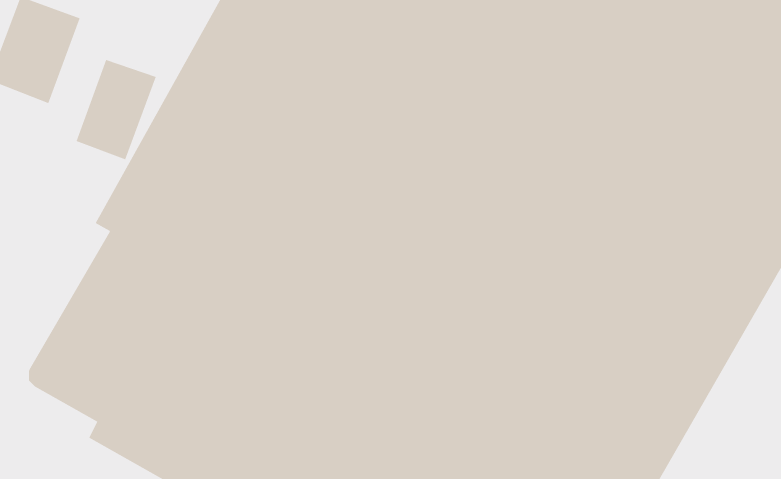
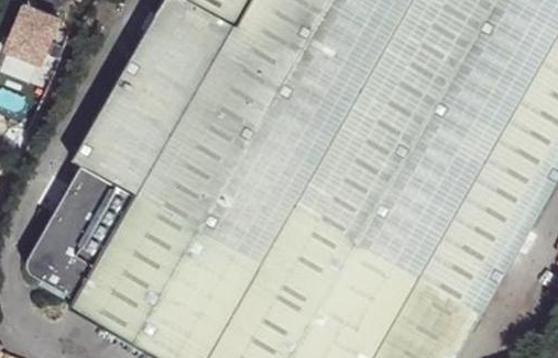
building: [76,59,156,160] -> none

